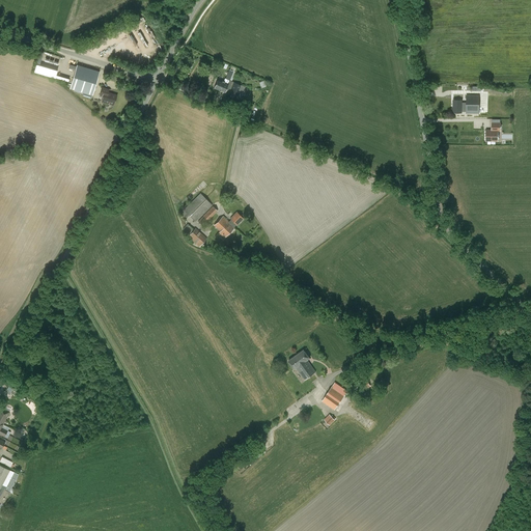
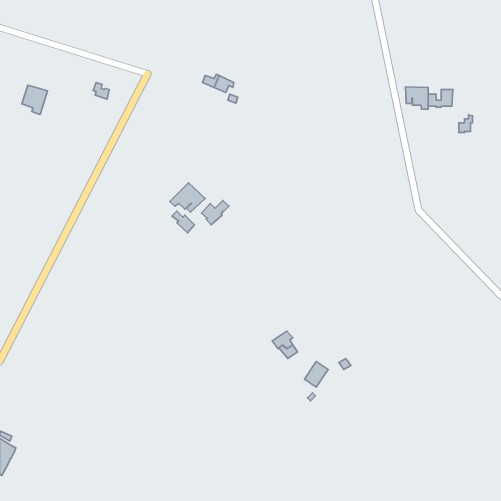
building: [71,66,97,97] -> [22,85,48,115]
building: none -> [405,87,428,109]

